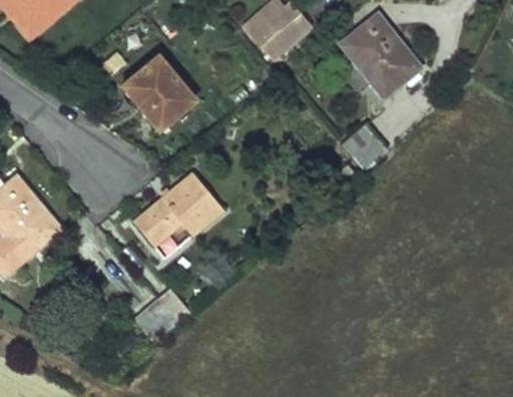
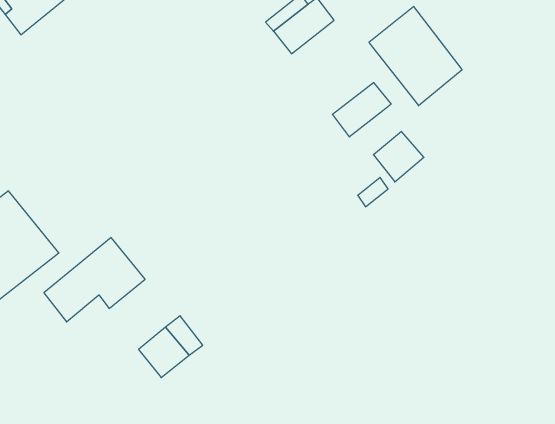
building: [123,56,195,129] -> none
building: none -> [332,83,391,137]
building: [133,172,223,248] -> [44,238,145,322]

